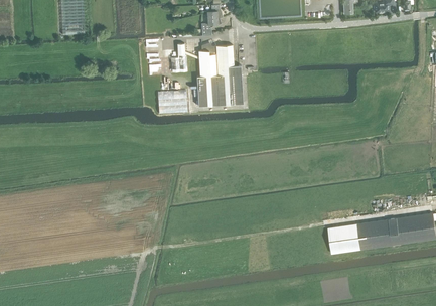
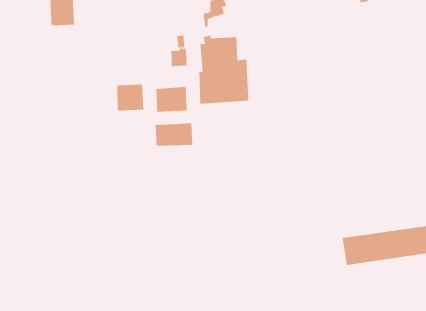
building: none -> [117,84,144,112]
building: none -> [155,122,193,146]

